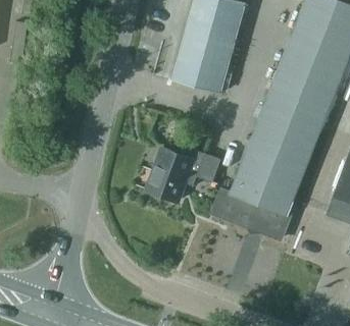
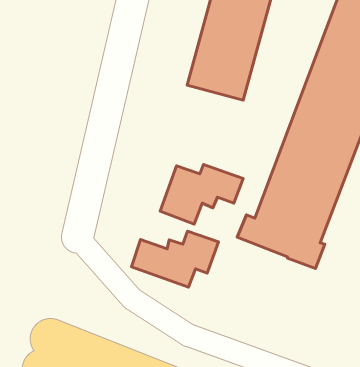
building: none -> [132,231,219,287]

